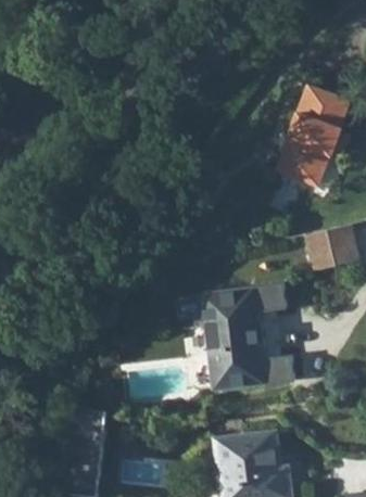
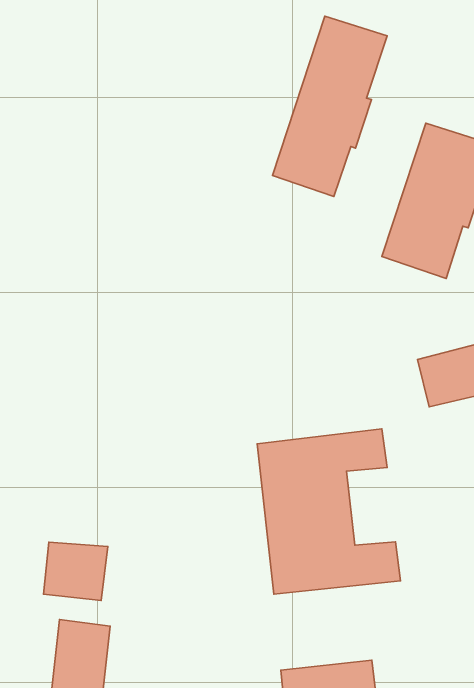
building: none -> [272,16,387,197]
building: none -> [44,542,108,601]

